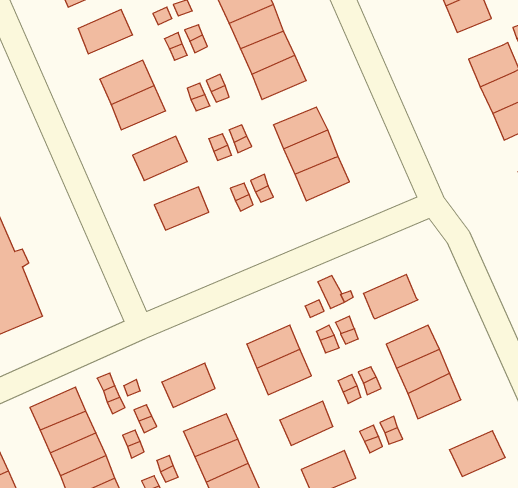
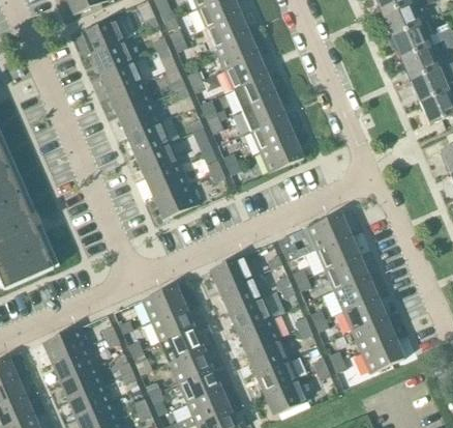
building: none -> [391,20,432,57]
building: none -> [90,37,134,74]
building: none -> [232,75,276,111]
building: none -> [117,99,161,136]
building: none -> [135,141,180,176]
building: none -> [153,182,198,219]
building: none -> [305,211,350,249]
building: none -> [210,253,254,290]
building: none -> [324,254,367,290]
building: none -> [141,284,185,321]
building: none -> [237,316,281,352]
building: none -> [159,326,203,362]
building: none -> [255,358,299,393]
building: [449,431,505,476] -> [359,336,404,373]

